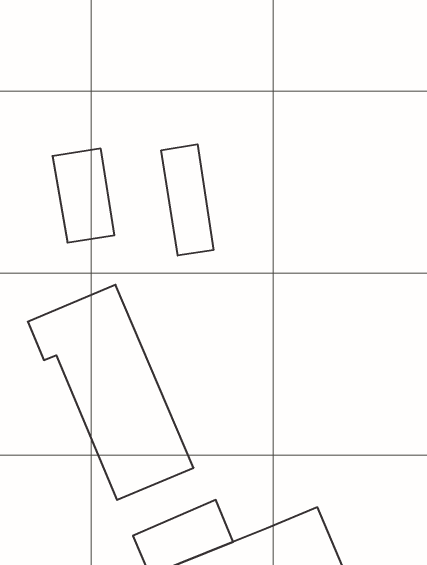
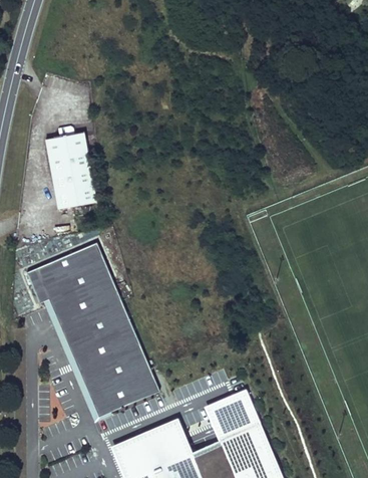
building: [161,144,213,256] -> none
building: none -> [205,389,260,440]

